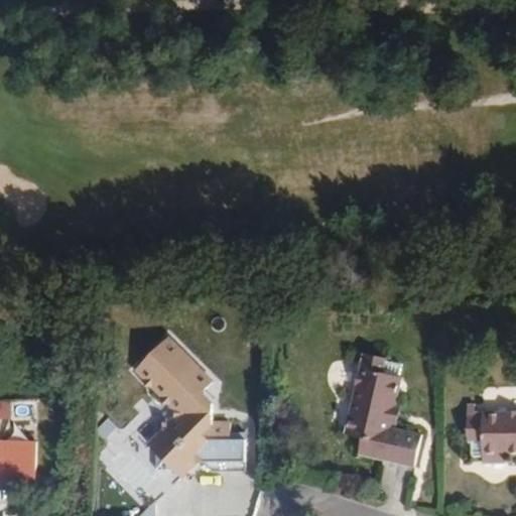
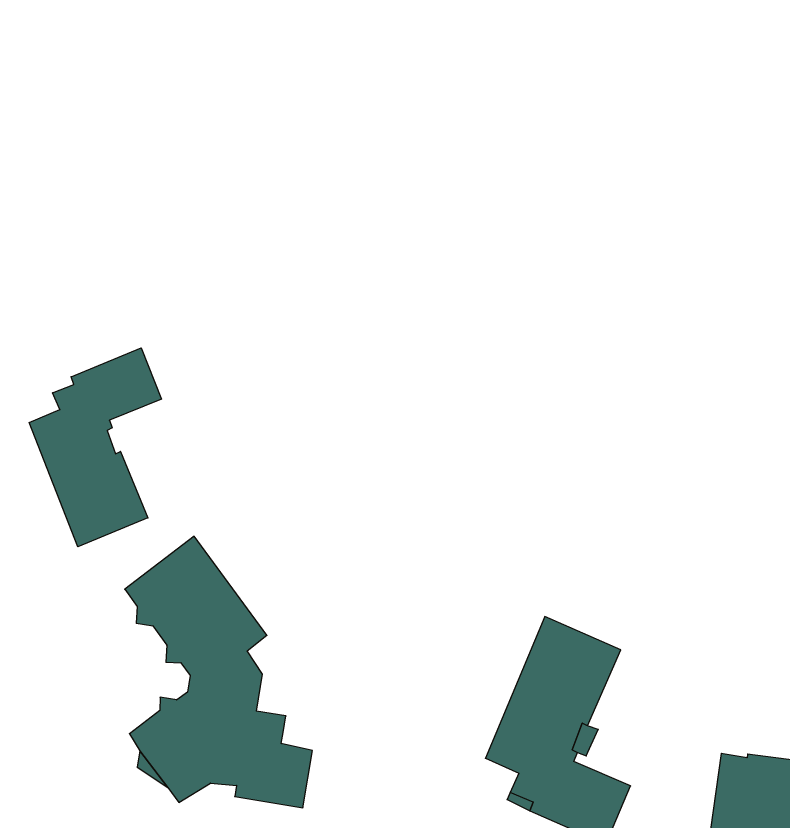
building: none -> [29,348,162,547]

